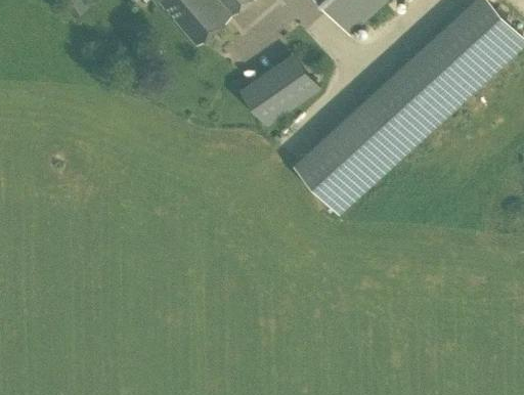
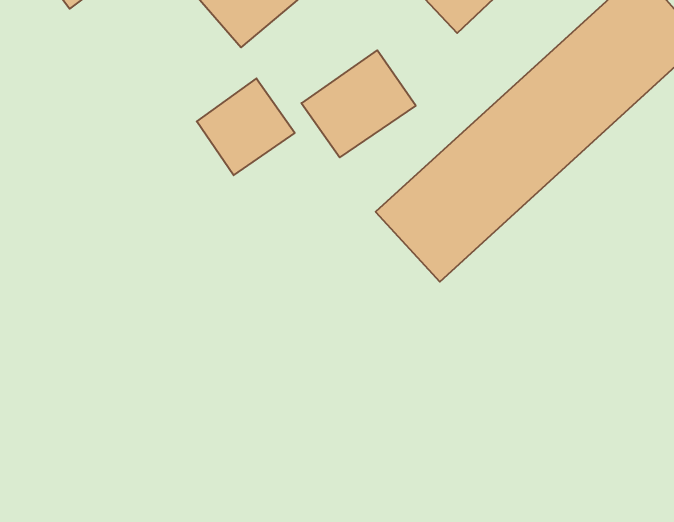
building: none -> [197,78,295,175]

